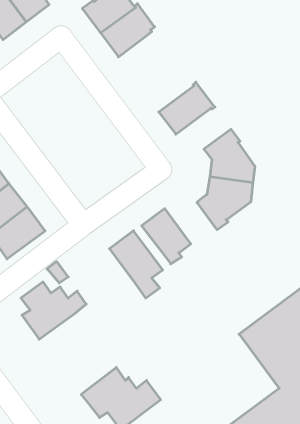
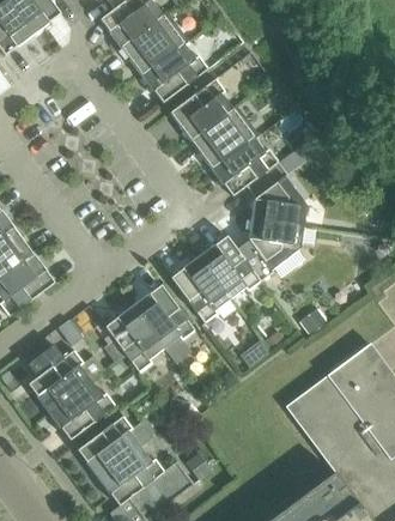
building: none -> [142,46,207,103]
building: none -> [169,78,232,141]
building: none -> [211,137,276,196]
building: none -> [198,234,260,298]
building: none -> [104,304,163,371]
building: none -> [48,381,115,441]
building: none -> [77,414,153,478]

